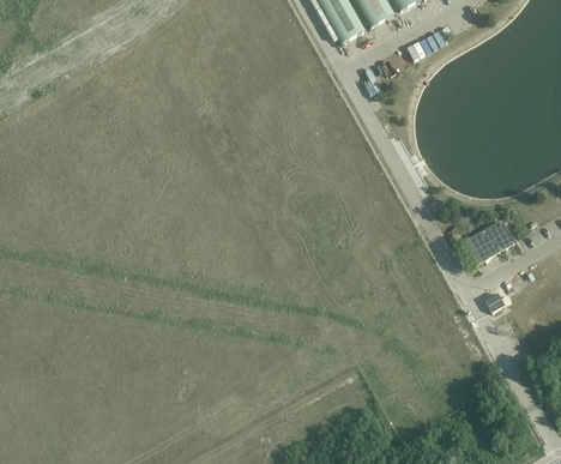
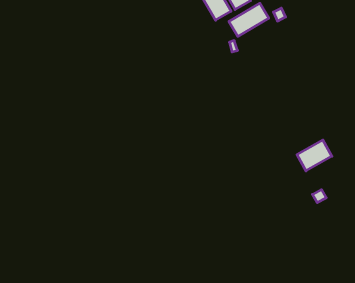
building: none -> [229,3,269,36]

